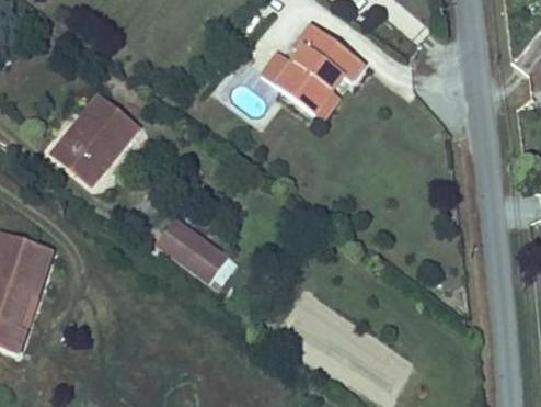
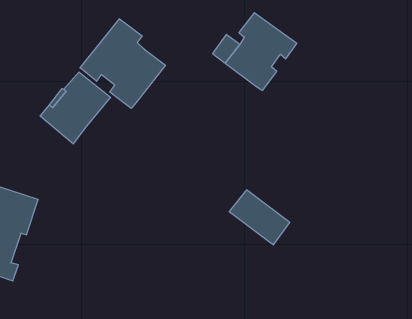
building: none -> [80,19,165,108]
building: [156,217,229,284] -> [229,190,290,245]

